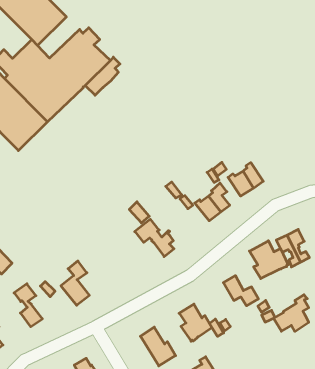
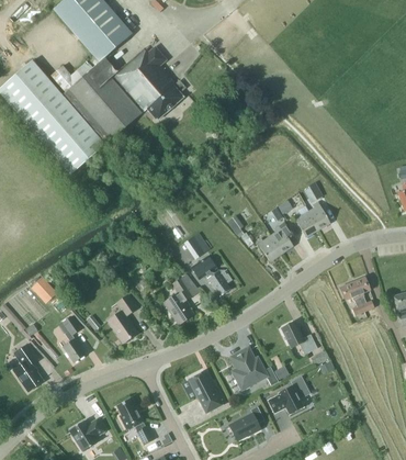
building: [249,241,288,279] -> none
building: none -> [163,277,193,323]
building: [273,295,309,331] -> [267,375,305,414]

